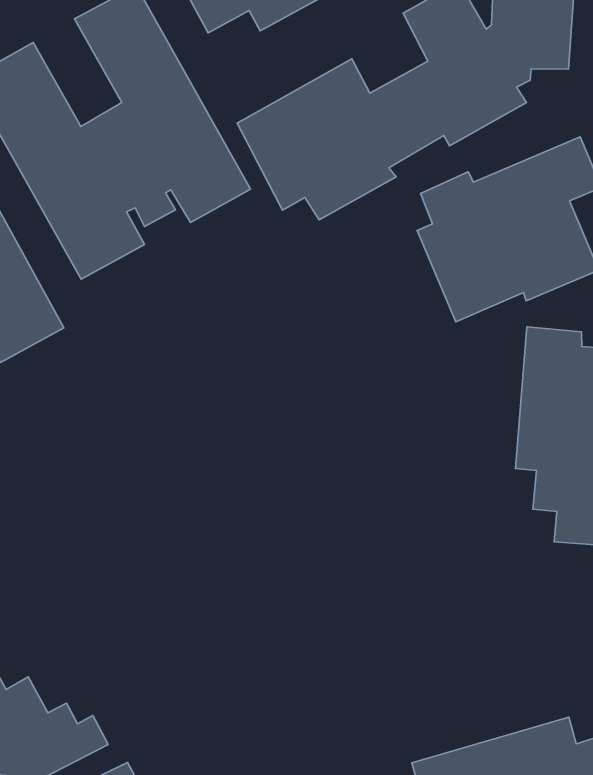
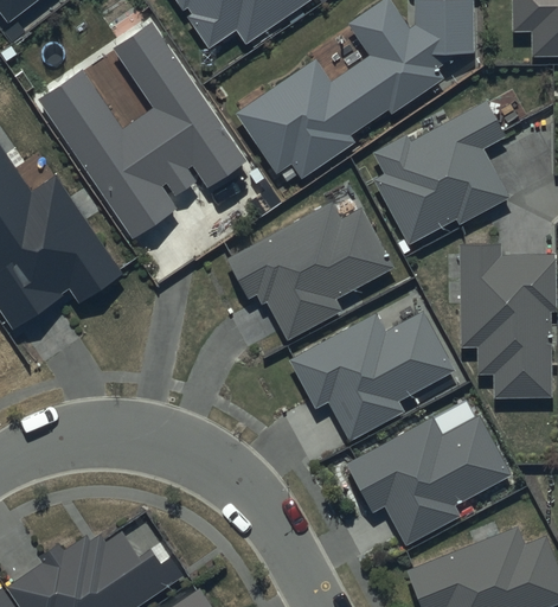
building: none -> [227,202,396,340]
building: none -> [289,309,456,441]
building: none -> [346,415,511,545]

